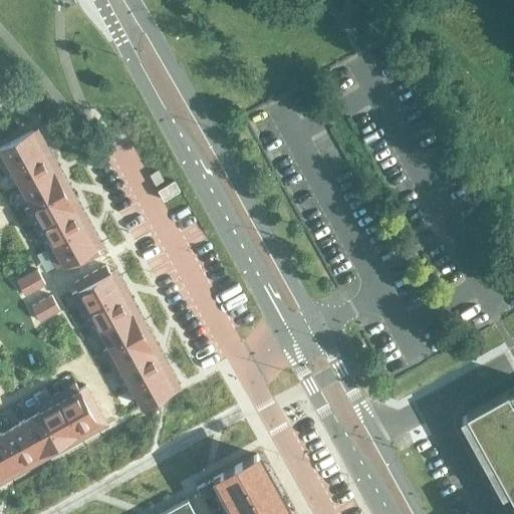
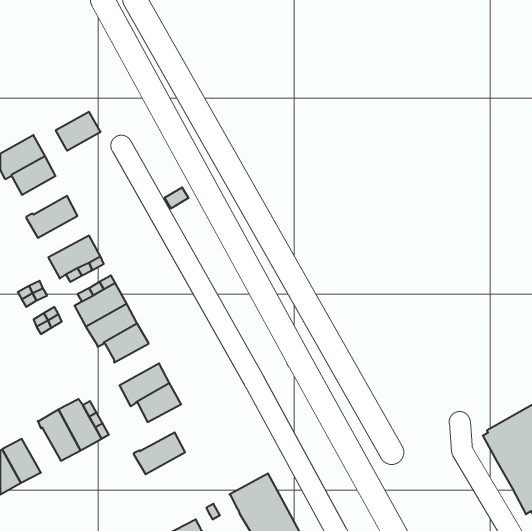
building: [24,173,67,210] -> [56,112,101,151]
building: [39,211,88,251] -> none
building: [106,333,156,373] -> [134,432,185,474]
building: [24,414,61,457] -> none

